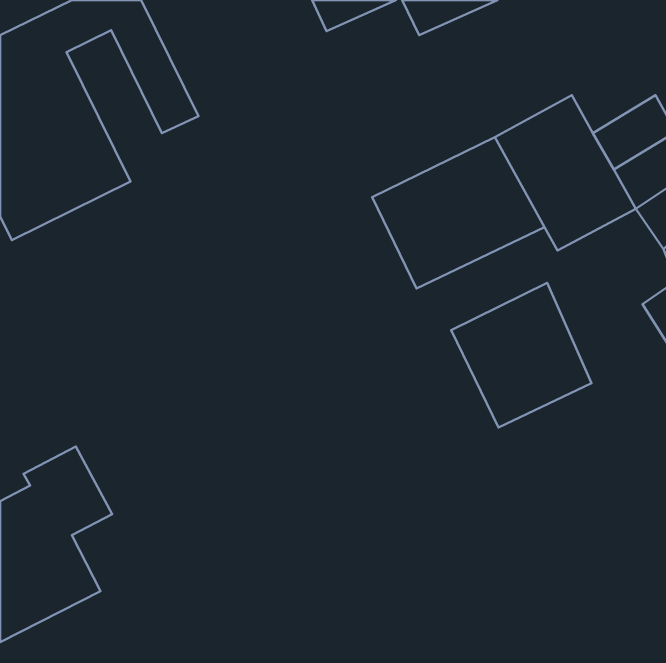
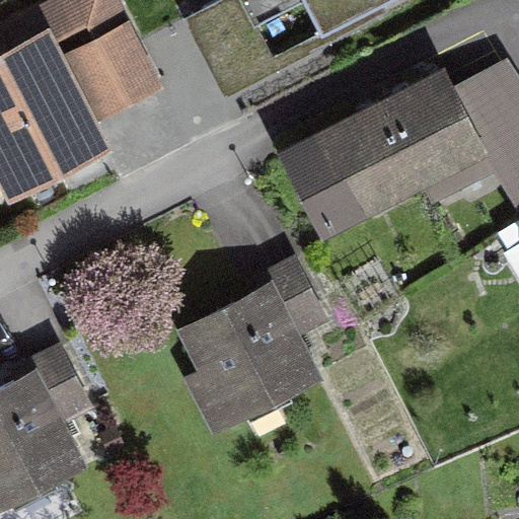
building: [451,283,591,428] -> none
building: none -> [173,264,321,423]

